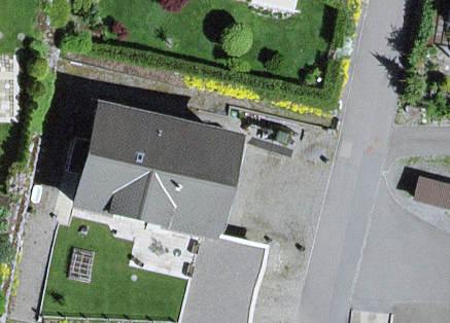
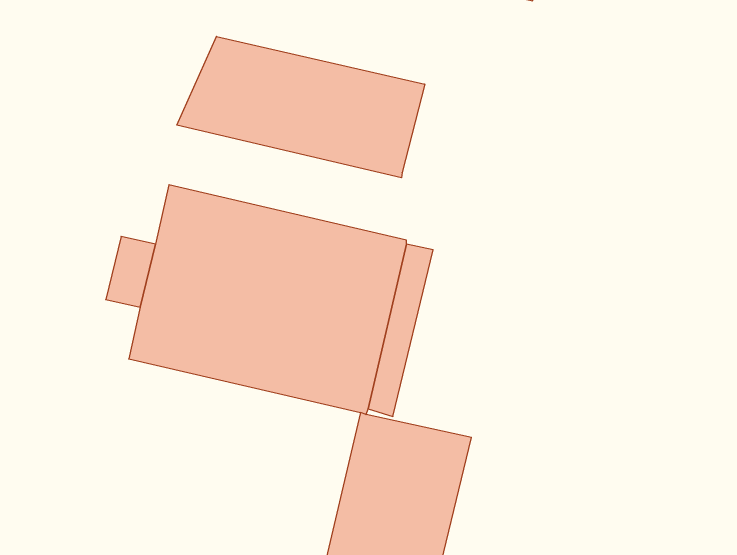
building: none -> [177,36,425,178]

